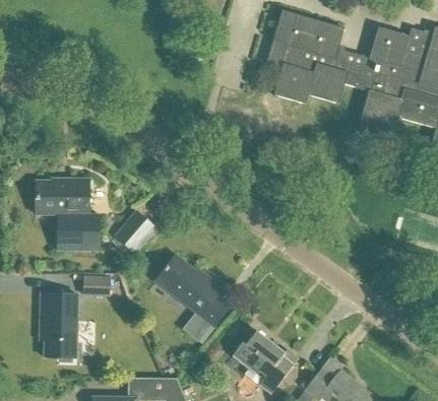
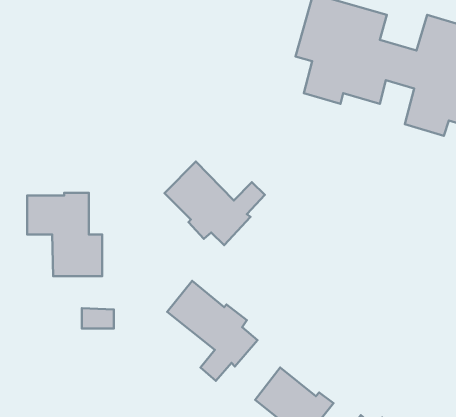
building: none -> [165,162,265,245]
building: [113,208,155,251] -> none
building: [40,293,78,357] -> none

